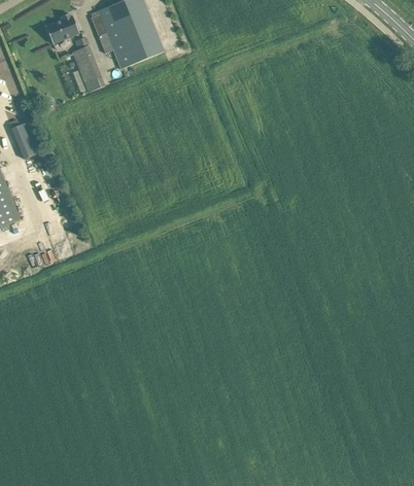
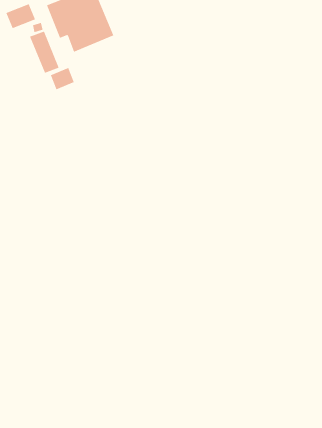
building: none -> [50,67,74,90]

